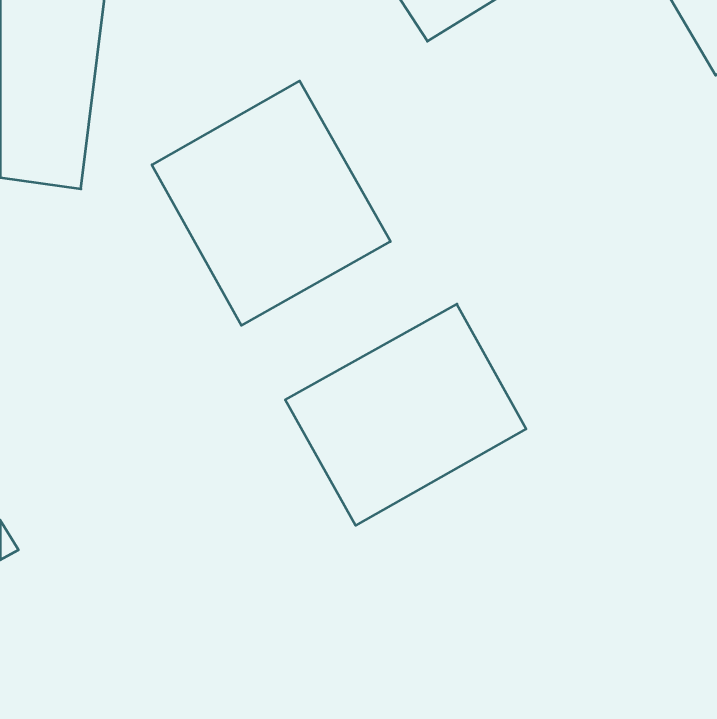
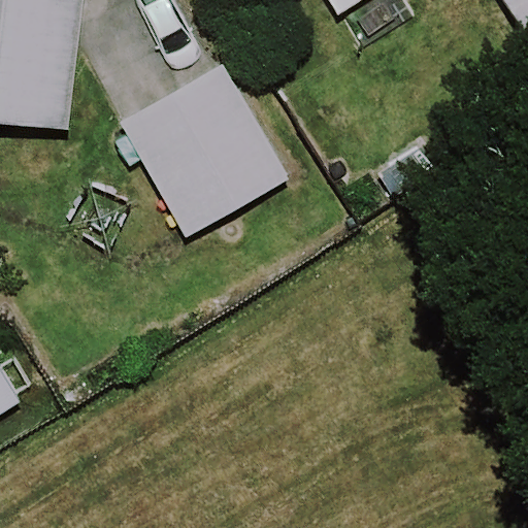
building: [285,304,526,525] -> none

